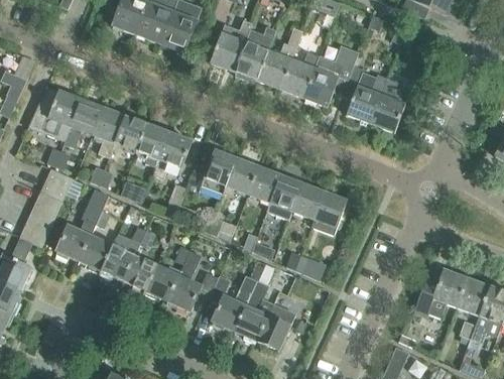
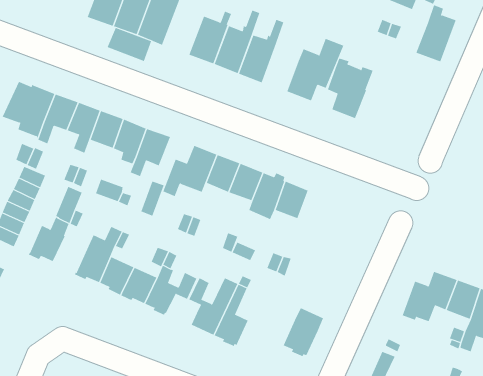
building: none -> [107,27,152,62]
building: [280,35,325,97] -> none
building: [370,77,409,132] -> [416,4,456,62]
building: [314,192,348,228] -> none
building: [80,235,113,272] -> none
building: [256,304,295,352] -> [283,308,324,357]

